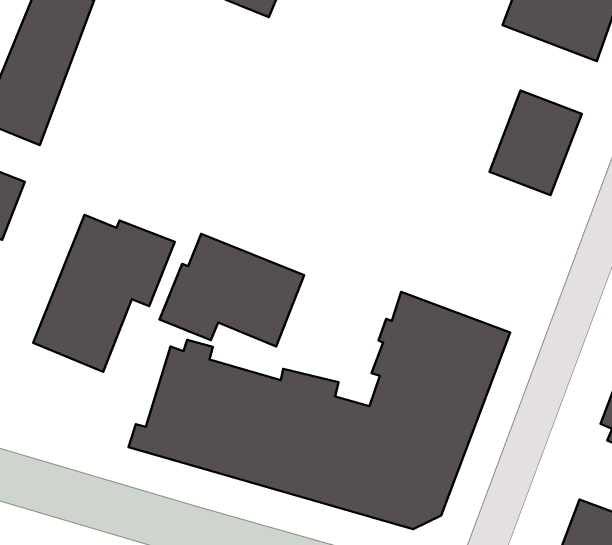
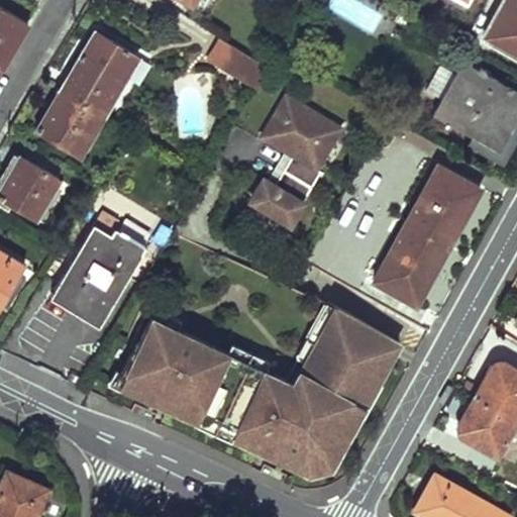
building: none -> [252,99,341,225]
building: none -> [375,225,448,305]
building: [159,234,304,346] -> none

